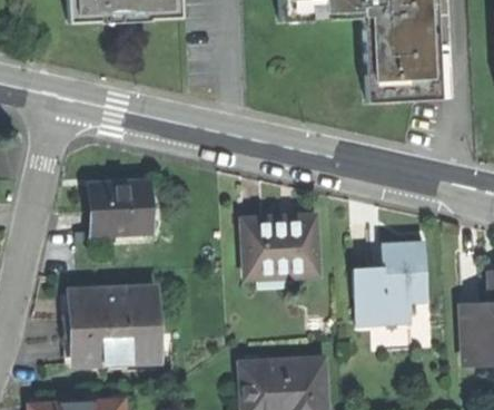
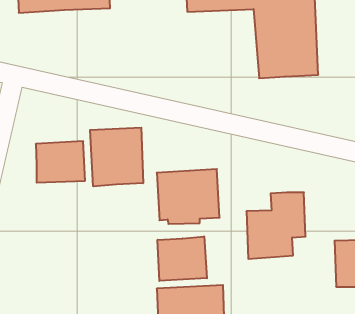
building: none -> [90,128,143,186]
building: [62,286,157,364] -> none
building: none -> [158,236,207,281]

